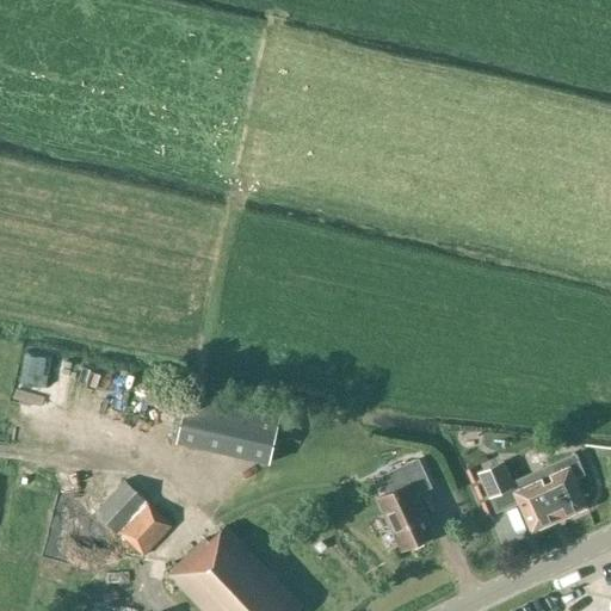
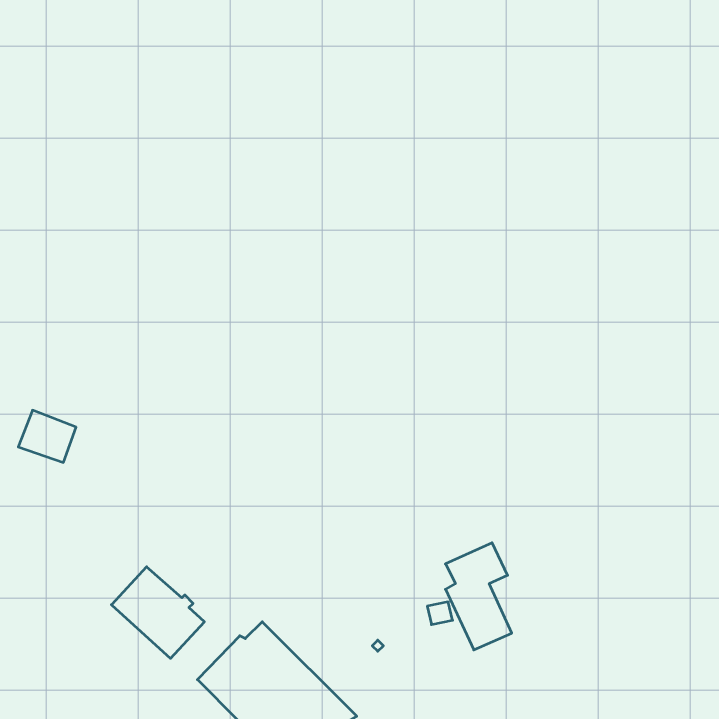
building: [178,407,282,462] -> none
building: [479,453,586,533] -> none

